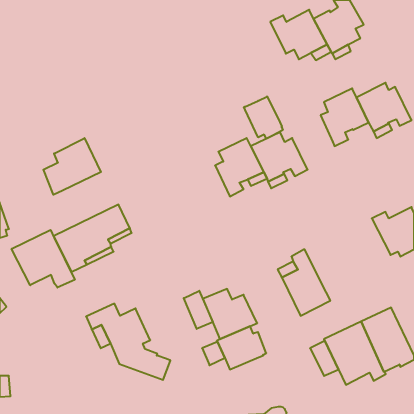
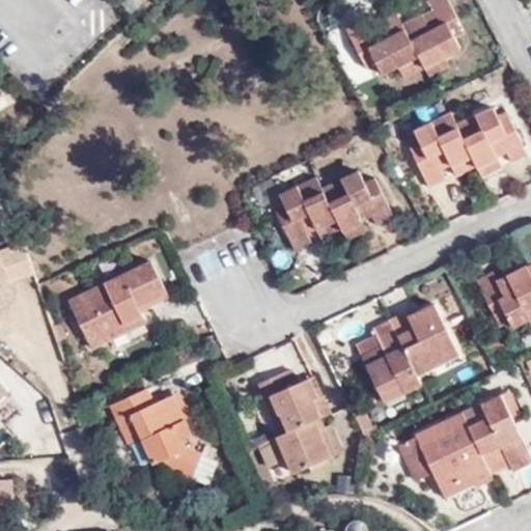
building: [244,96,283,139] -> none
building: [43,138,101,195] -> none
building: [12,230,75,288] -> none
building: none -> [389,303,459,374]
building: [184,291,213,329] -> none

